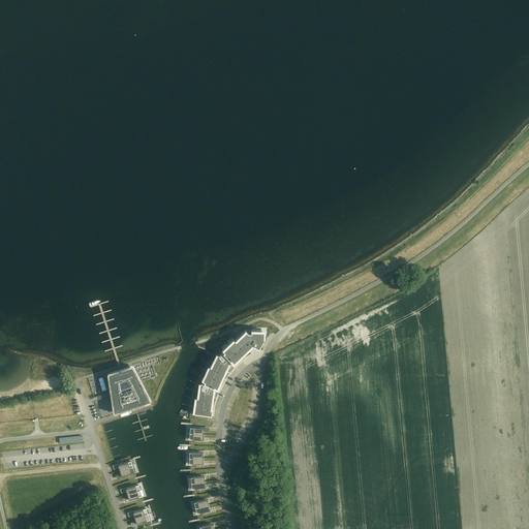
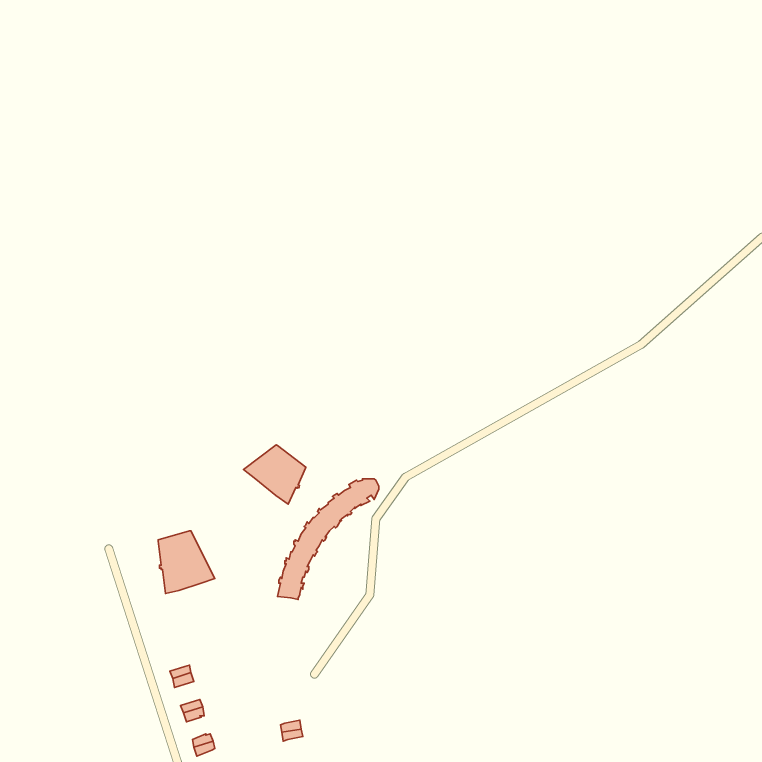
building: none -> [244,445,306,504]

